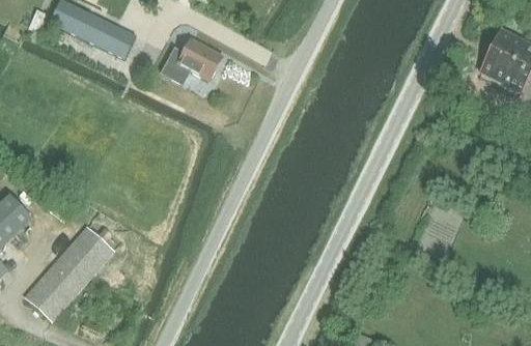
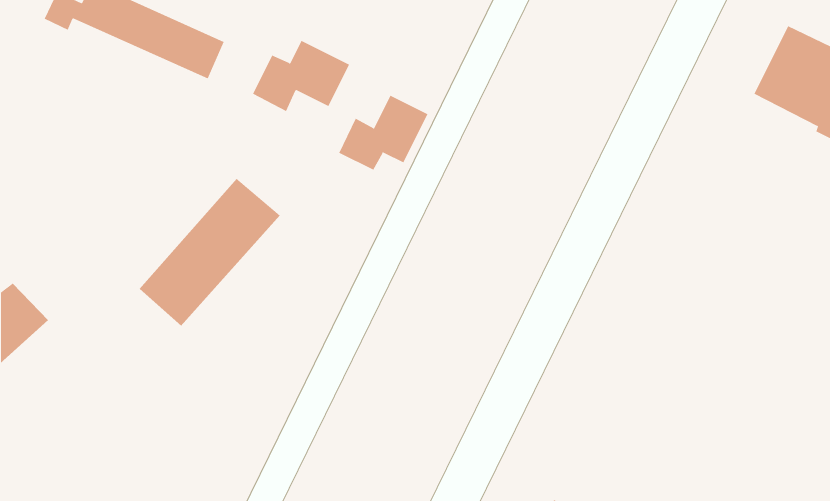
building: none -> [339,95,428,171]
building: [25,225,115,319] -> [139,178,281,326]

